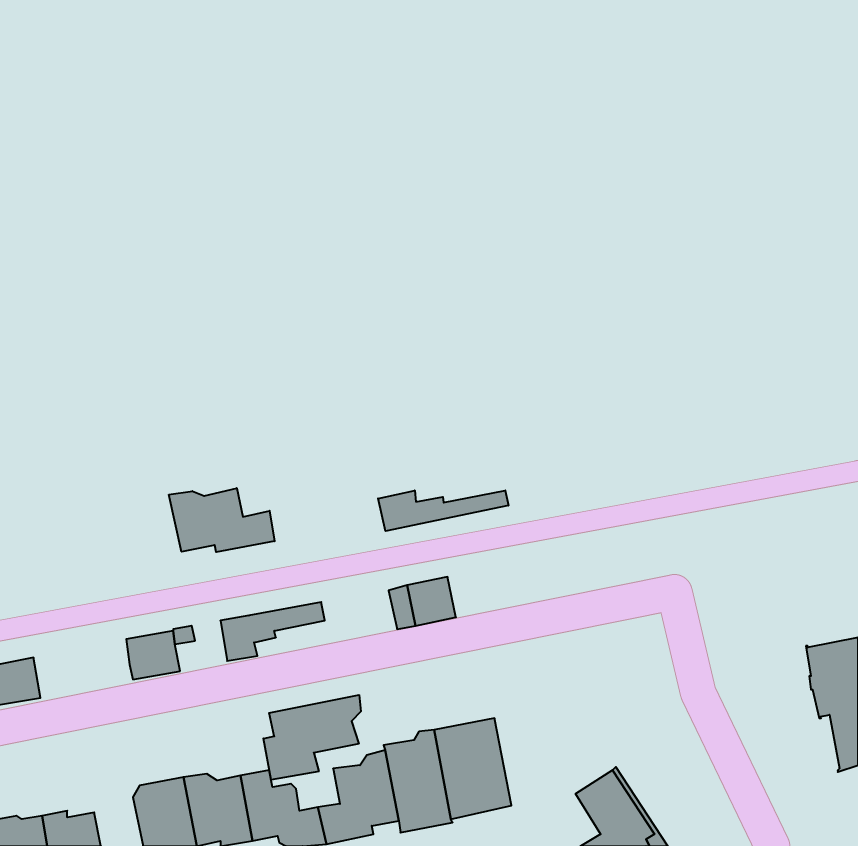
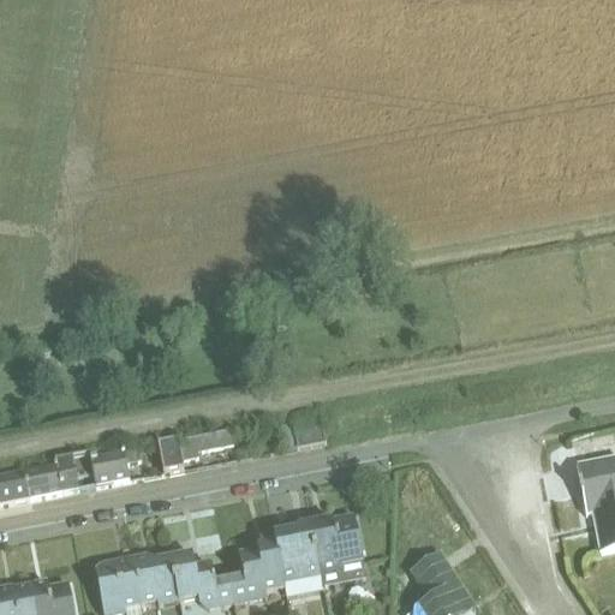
building: [169,488,275,552] -> none
building: [378,490,508,531] -> none
building: none -> [24,453,92,498]
building: [263,695,361,780] -> none

